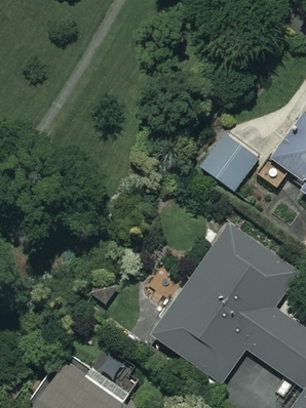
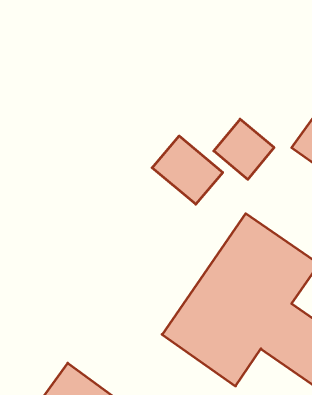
building: none -> [152,136,223,204]

